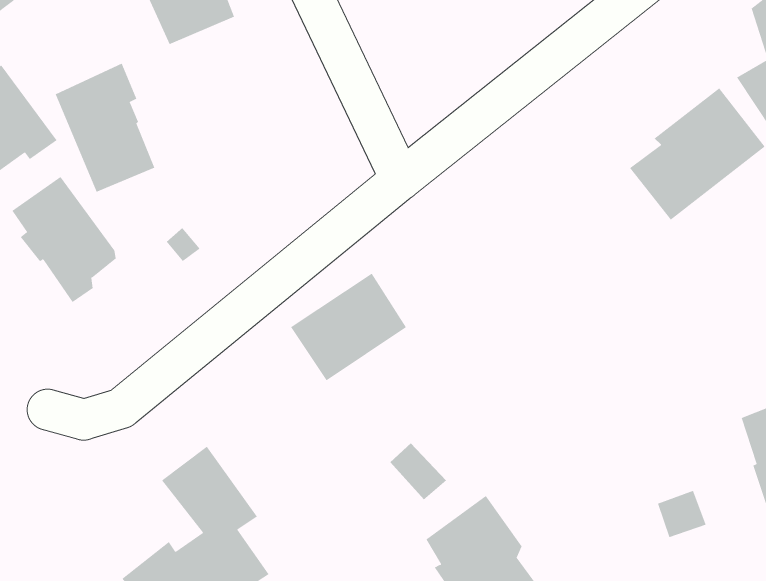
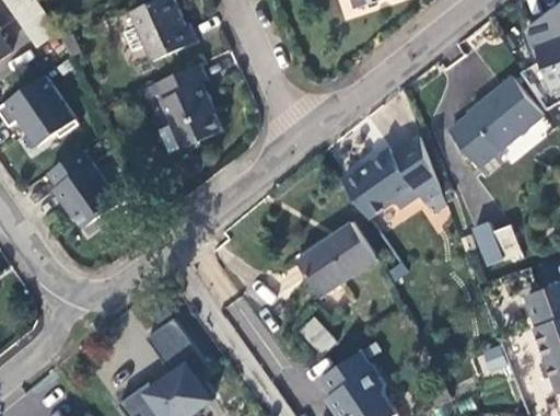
building: [55,63,155,193] -> [150,55,217,141]
building: none -> [347,140,442,221]
building: [290,273,407,381] -> [298,227,375,299]
building: none -> [478,232,520,270]

